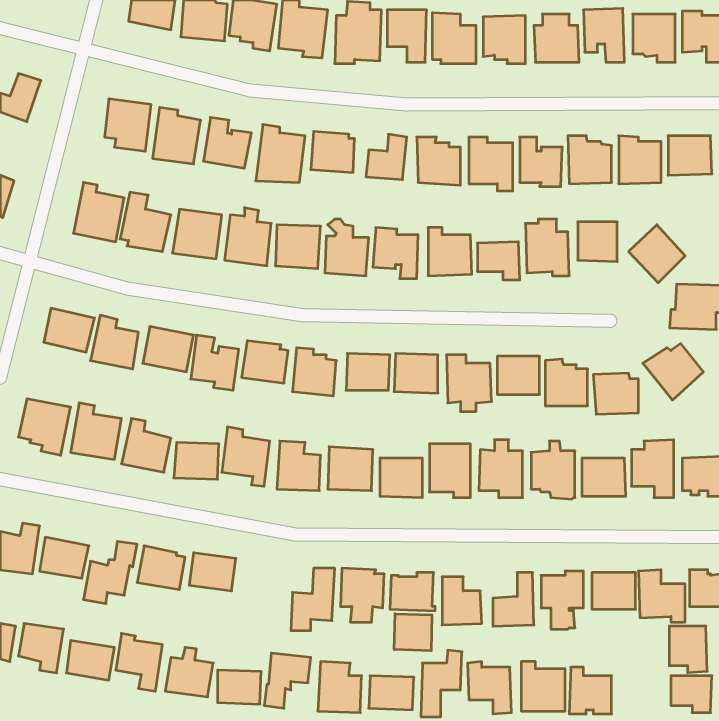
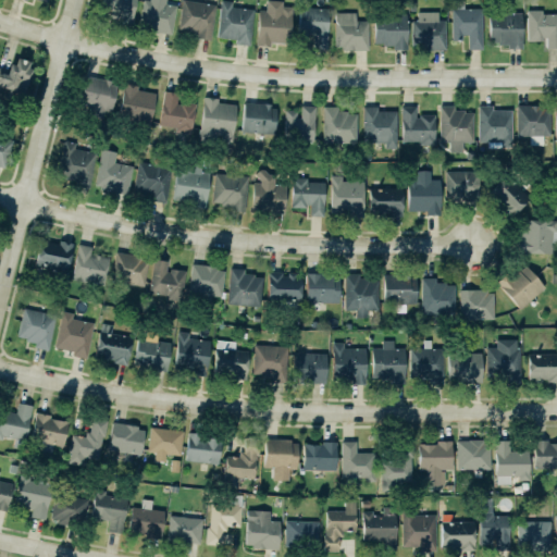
building: none -> [187,434,223,466]
building: [394,614,432,651] -> none
building: [669,626,707,673] -> [481,515,510,550]

